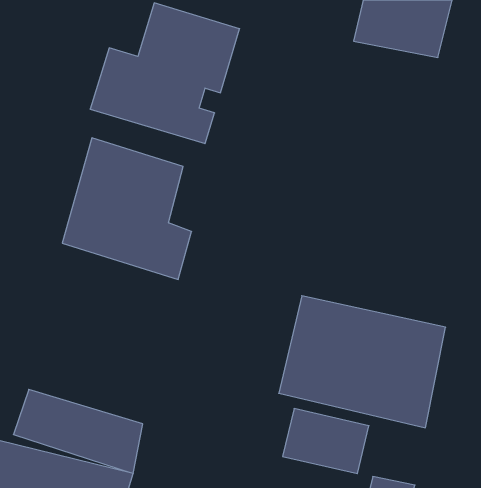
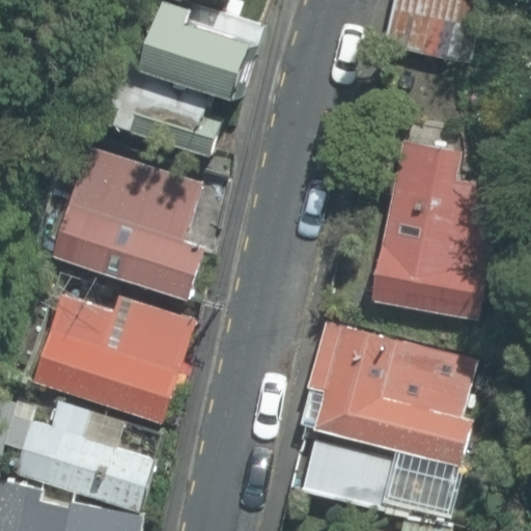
building: none -> [343,128,480,316]
building: none -> [25,292,194,422]

